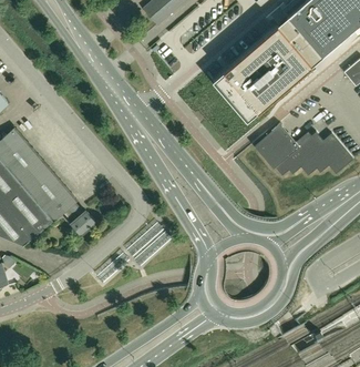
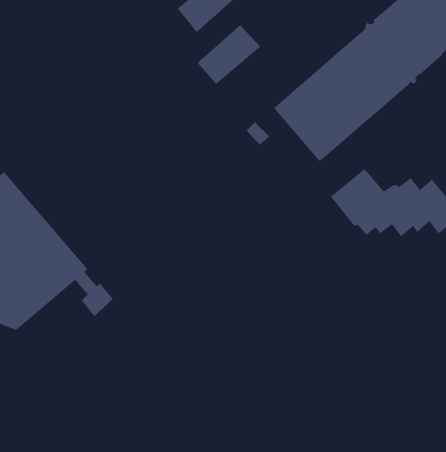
building: none -> [197,24,261,85]

